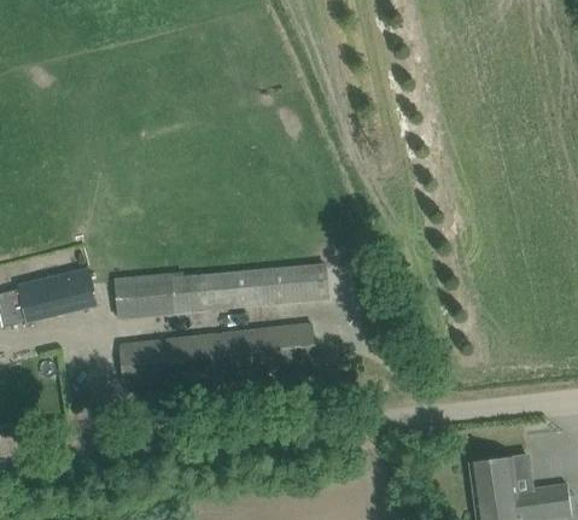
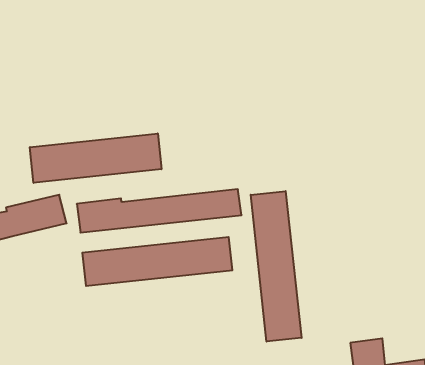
building: none -> [30,133,161,183]
building: none -> [251,191,302,342]

